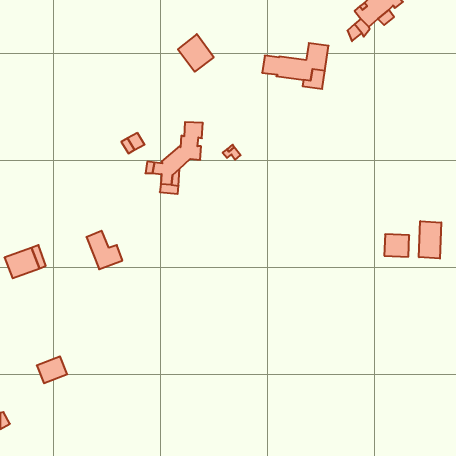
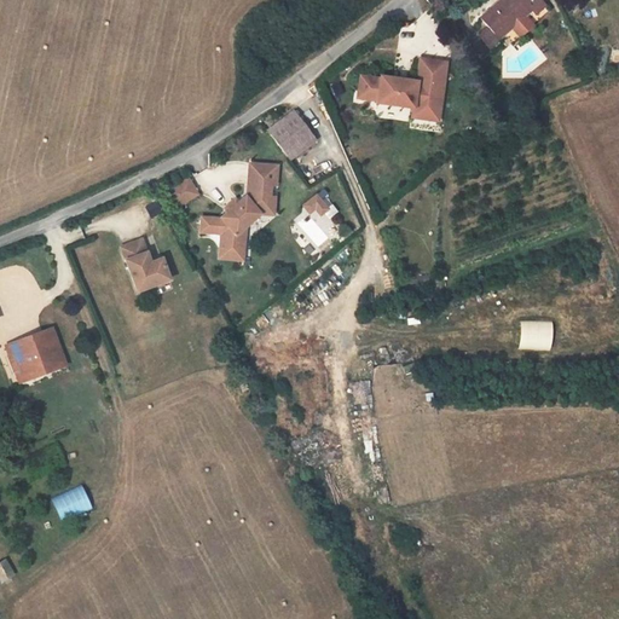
building: [178,34,214,72] -> [267,109,316,160]
building: [419,221,441,259] -> none
building: [86,231,122,269] -> [121,241,169,293]

